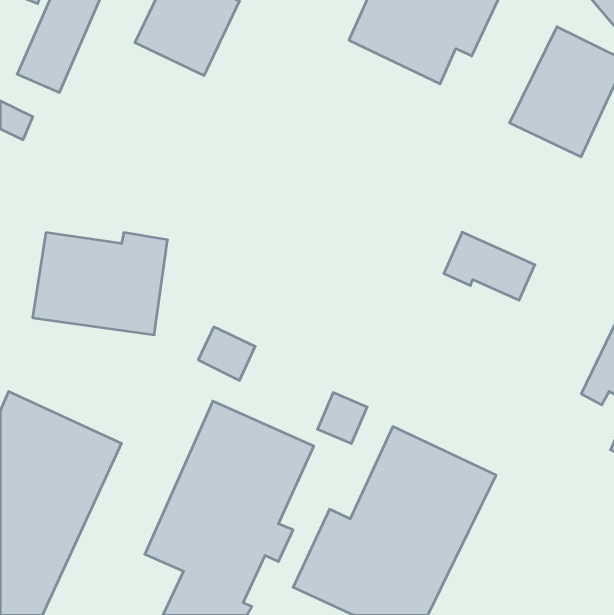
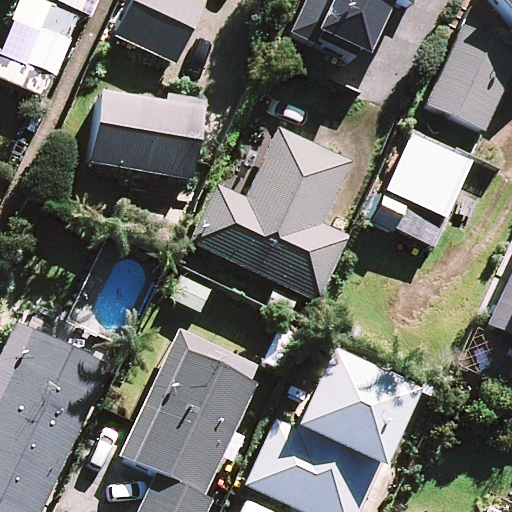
building: none -> [190,127,351,315]
building: none -> [386,133,472,218]
building: [33,233,168,335] -> [90,93,201,177]

